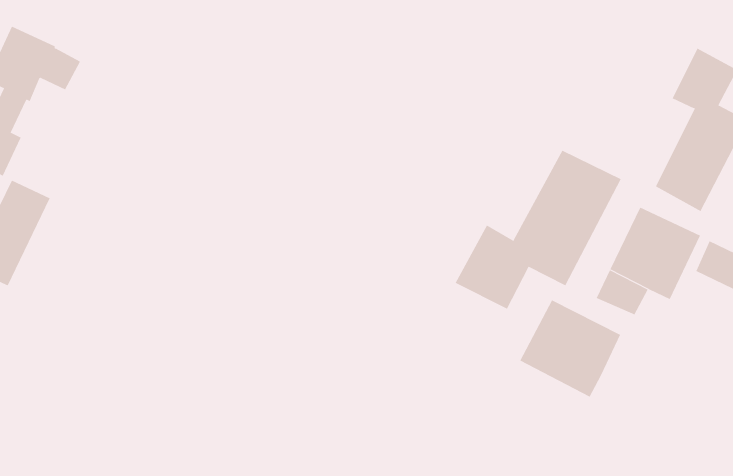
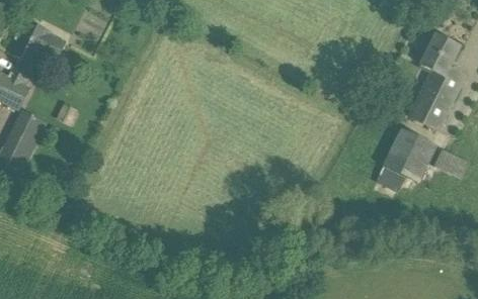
building: [455,150,622,309] -> none
building: [520,299,621,398] -> none

